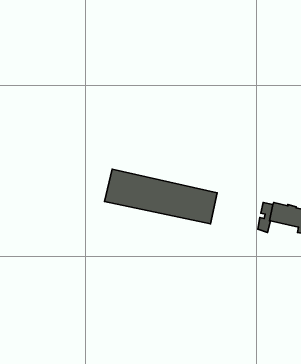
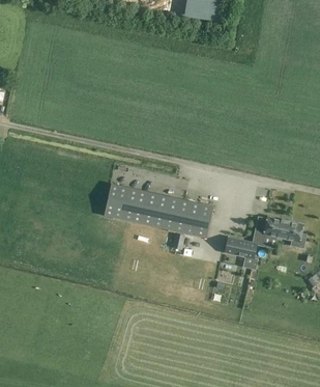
building: none -> [225,238,256,258]

